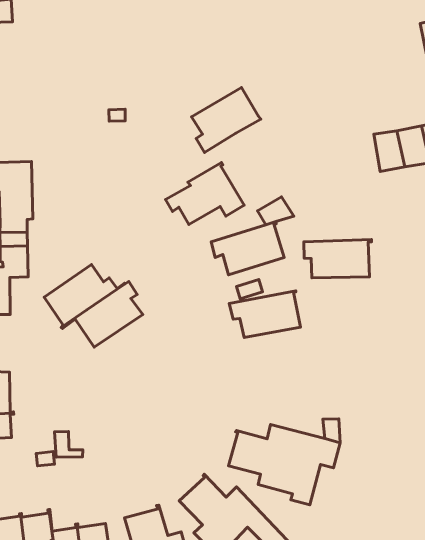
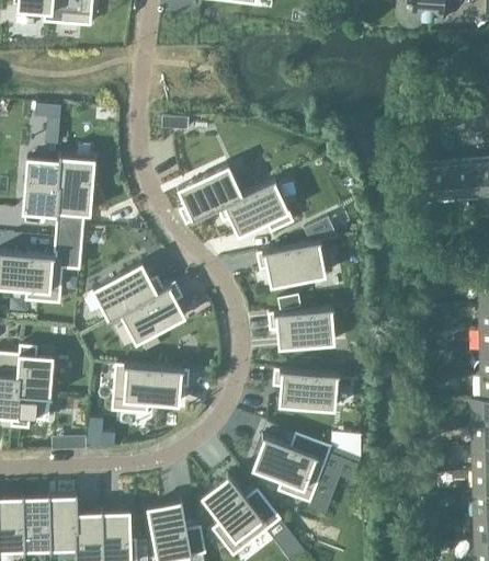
building: [192,88,261,152] -> [178,168,243,226]
building: [304,240,372,278] -> [274,371,340,411]
building: none -> [112,366,189,414]

